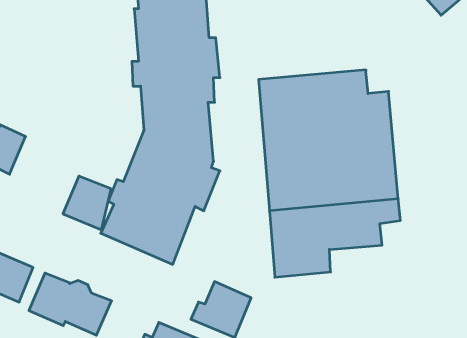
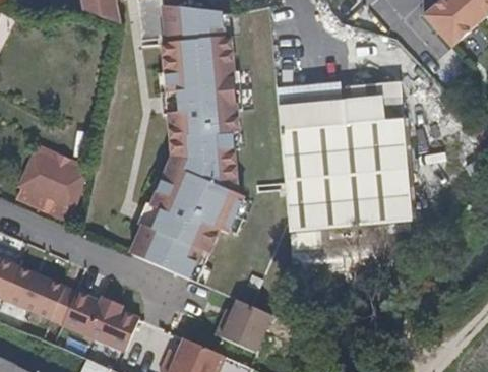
building: none -> [277,82,400,109]
building: [63,176,111,230] -> [43,163,88,213]

